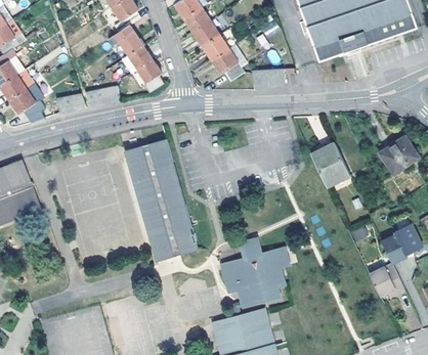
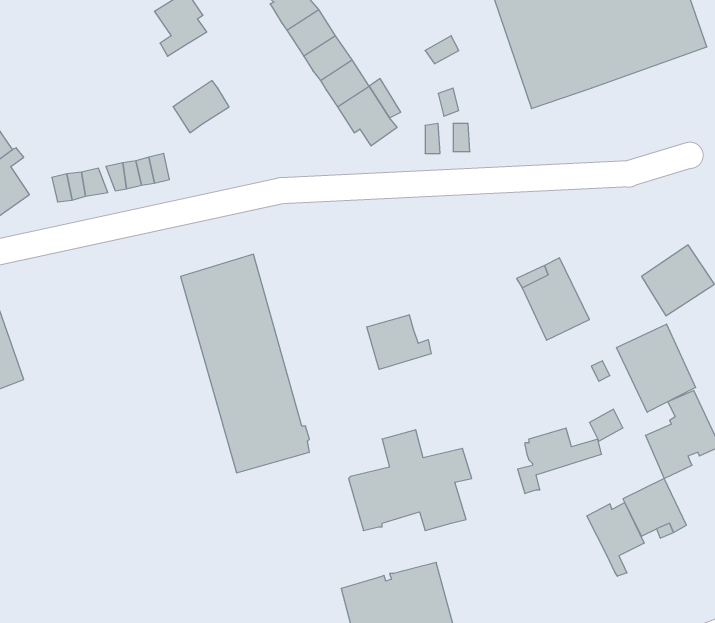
building: [108,25,142,55] -> none
building: [137,59,162,92] -> none
building: none -> [367,315,431,369]
building: none -> [616,324,696,412]
building: none -> [587,502,644,576]
building: [229,281,275,317] -> [518,428,602,493]

